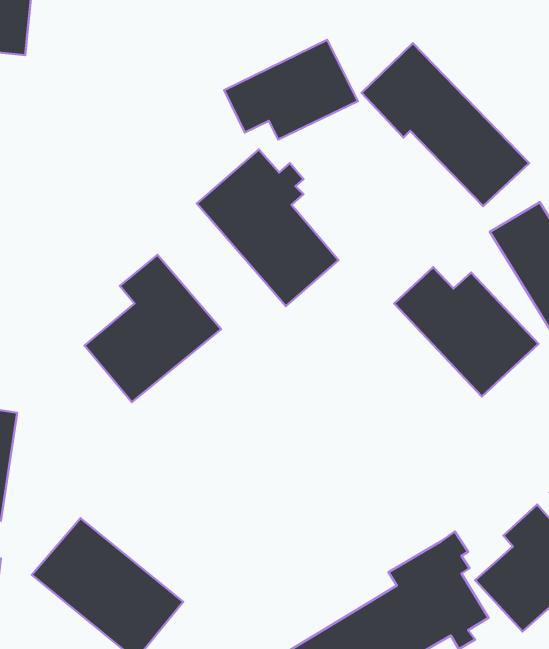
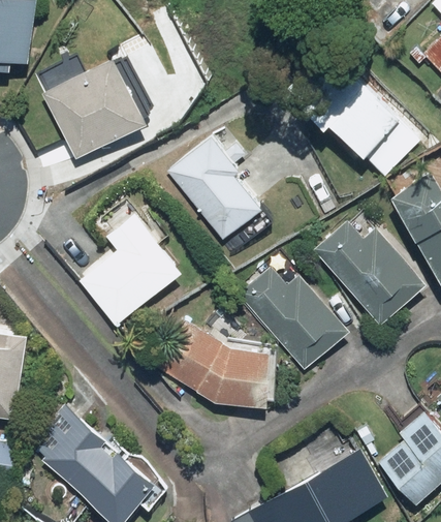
building: none -> [35,36,169,161]
building: [224,40,358,140] -> none
building: none -> [238,269,351,372]
building: none -> [154,321,273,407]

